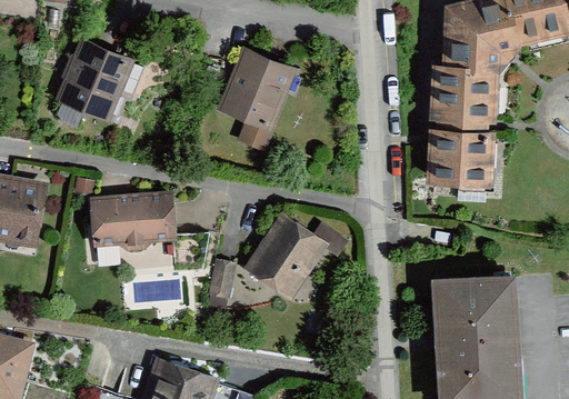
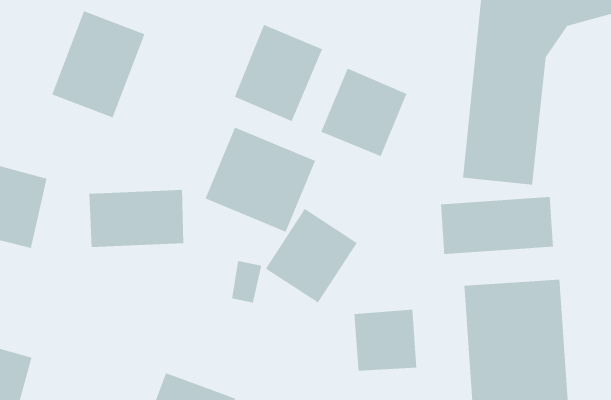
building: none -> [320,67,407,157]
building: none -> [204,126,316,233]
building: none -> [440,196,554,255]
building: none -> [353,309,417,372]

